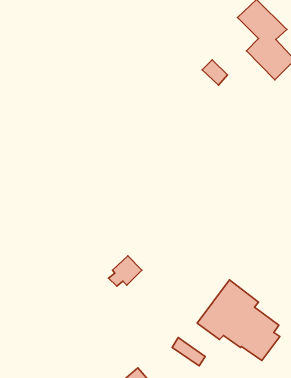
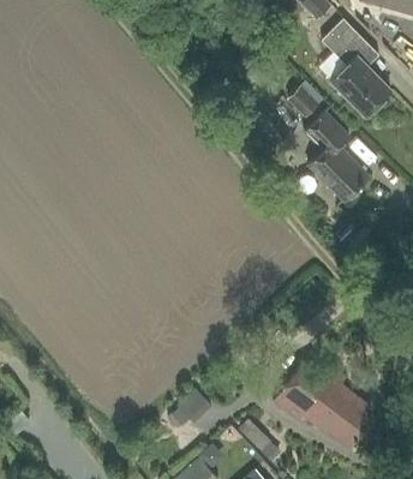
building: none -> [304,113,369,202]
building: [109,256,142,286] -> [170,389,210,425]

